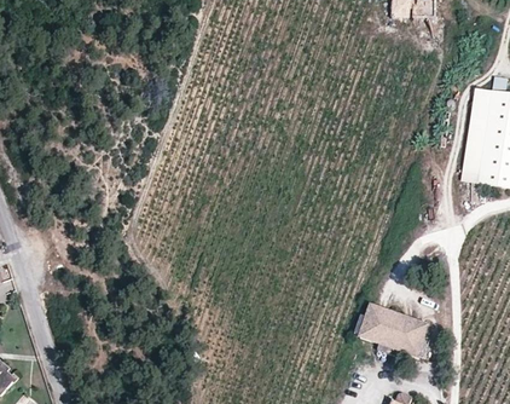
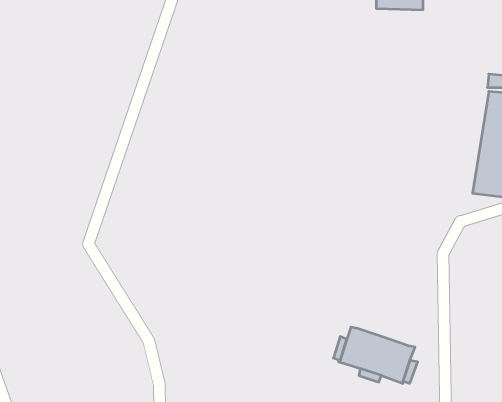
building: [460,88,493,183] -> none

